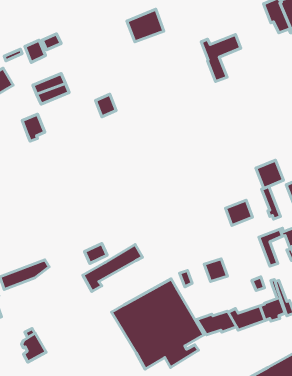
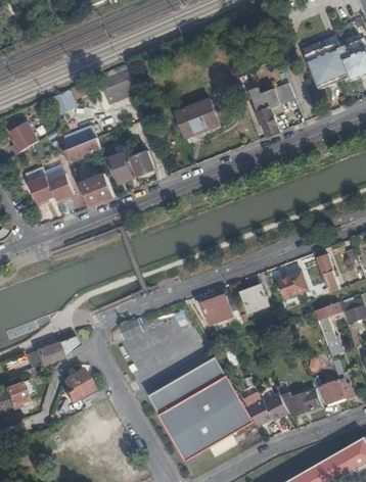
building: none -> [304,48,337,89]
building: [127,9,164,42] -> [175,99,217,136]
building: none -> [99,69,137,103]
building: none -> [107,151,136,182]
building: none -> [81,173,113,206]
building: none -> [28,175,53,205]
building: [256,160,283,188] -> none
building: none -> [202,298,232,326]
building: [204,259,228,281] -> [242,287,269,312]
building: [22,333,46,362] -> [62,370,90,402]

